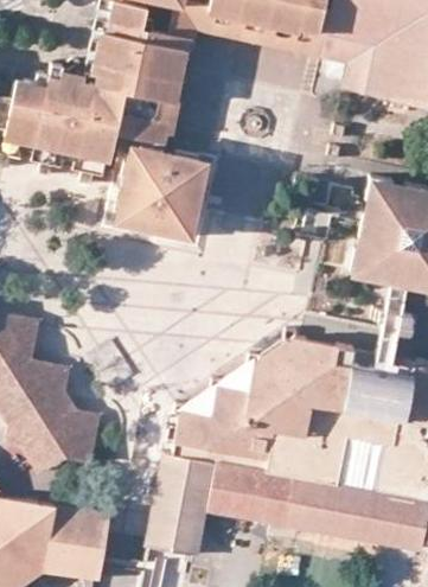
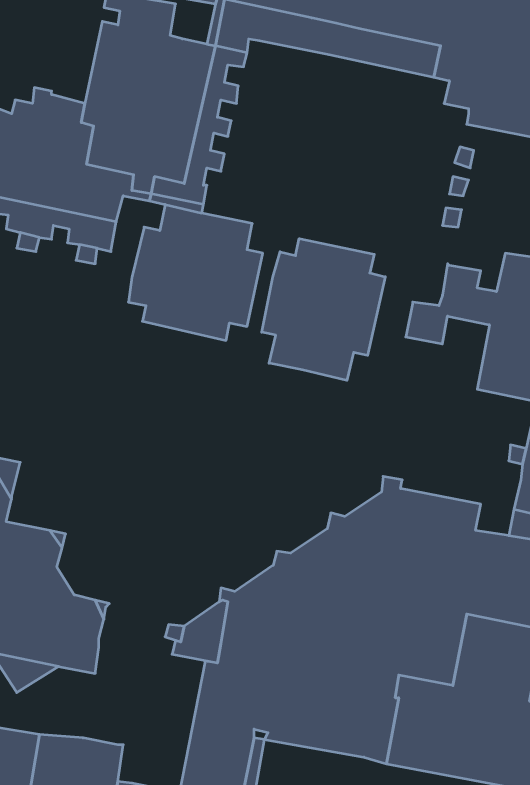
building: none -> [262,239,385,380]

